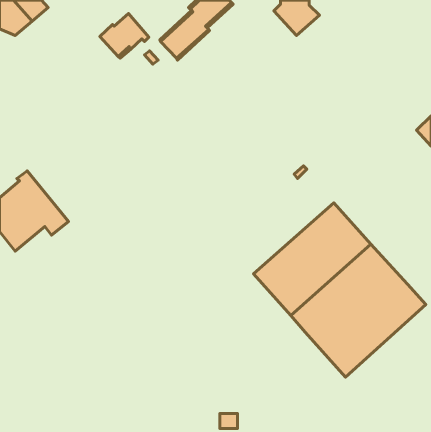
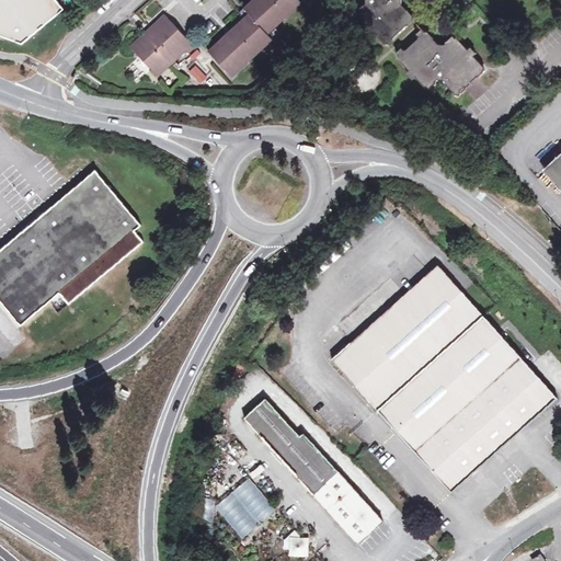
building: none -> [396,33,484,98]
building: none -> [35,174,142,287]
building: none -> [243,391,382,538]
building: none -> [214,477,275,538]

